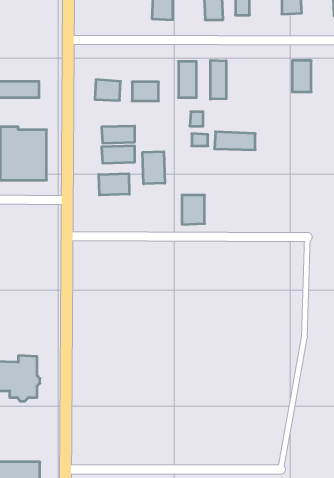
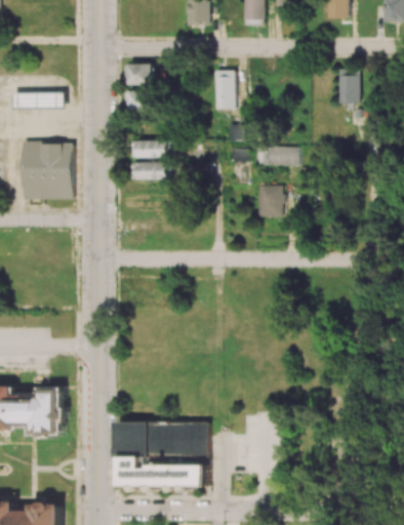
building: [210,60,226,99] -> none
building: [132,82,159,101] -> [125,65,154,85]
building: [143,152,165,184] -> none
building: [99,174,129,195] -> none
building: [182,195,205,224] -> [257,186,282,217]
building: none -> [116,421,208,486]

